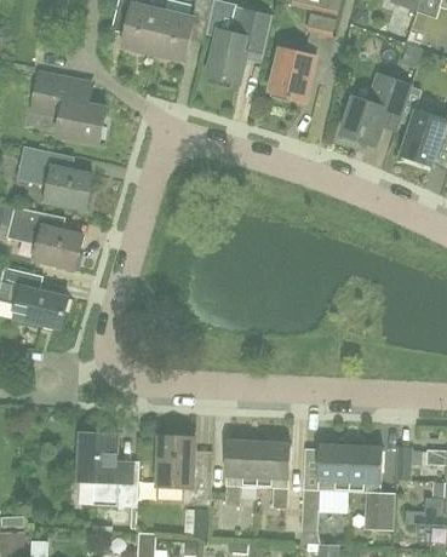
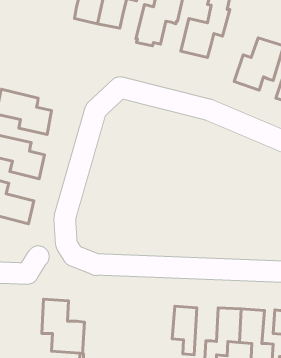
building: [31,69,105,140] -> none
building: [155,436,210,504] -> none
building: [224,438,259,505] -> none

